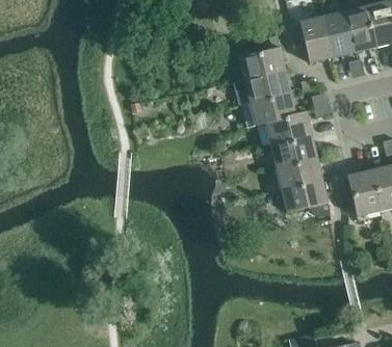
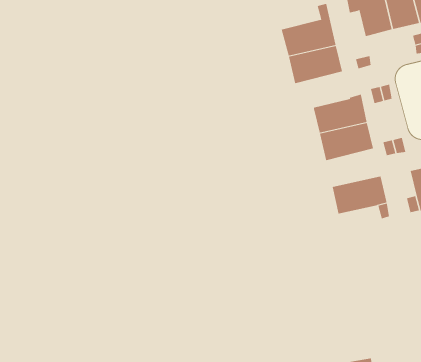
building: [241,92,295,128] -> none
building: [276,157,322,189] -> none

